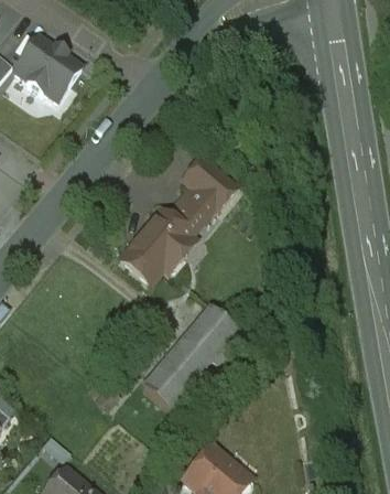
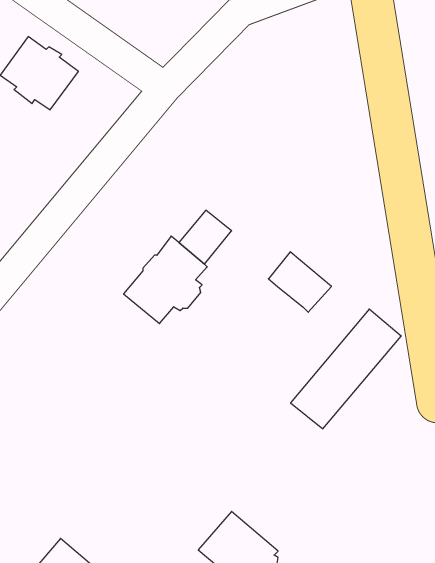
building: [182,157,236,208] -> [268,252,331,312]
building: [142,305,237,408] -> [291,309,401,429]

